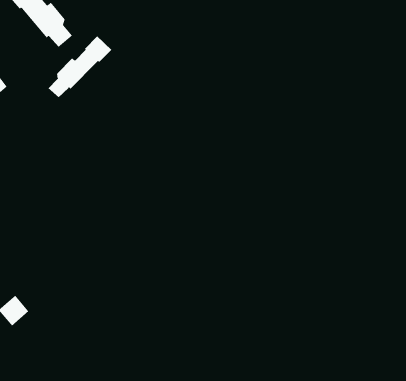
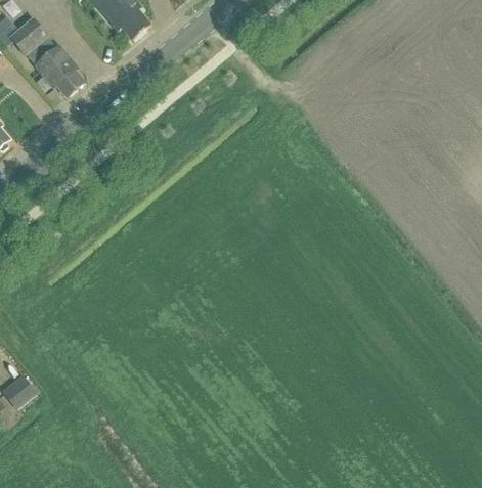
building: [47,35,112,98] -> none

